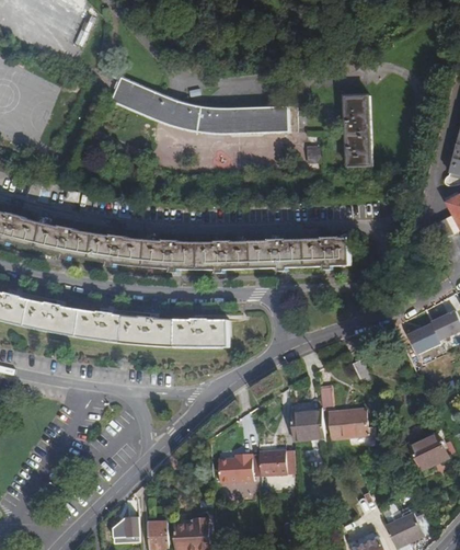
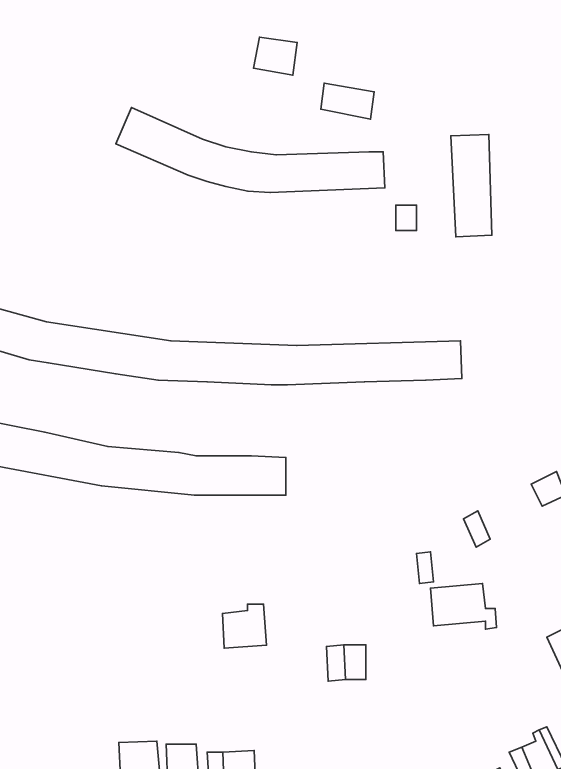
building: none -> [254,37,297,75]
building: none -> [321,83,374,119]
building: [291,411,323,443] -> none
building: [217,450,248,481] -> [222,604,267,648]

